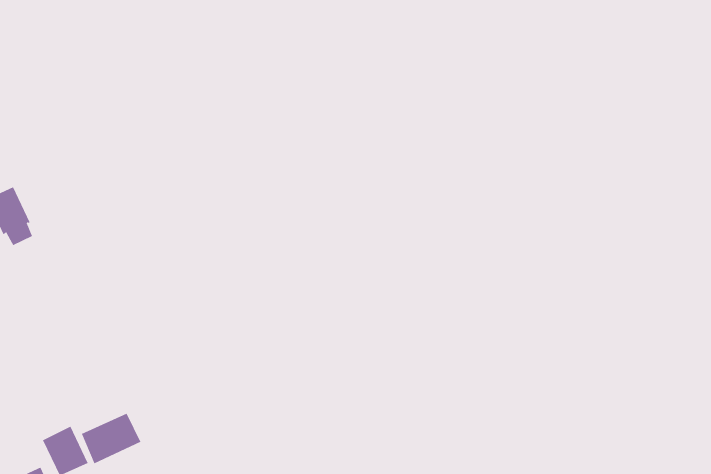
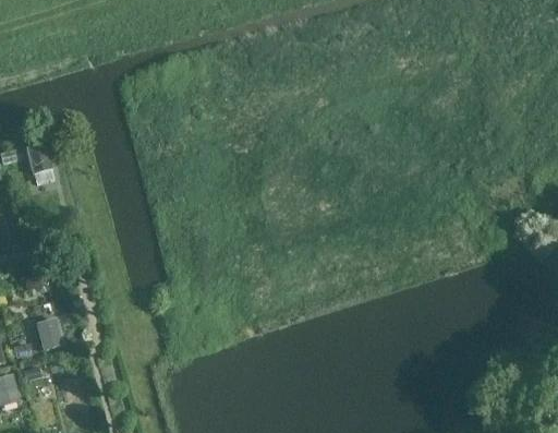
building: [81,413,141,464] -> none

